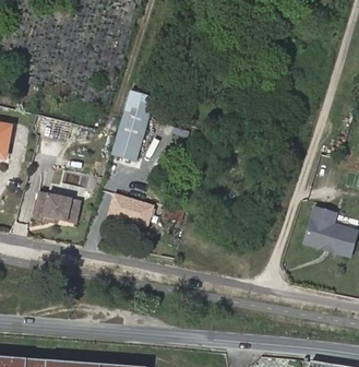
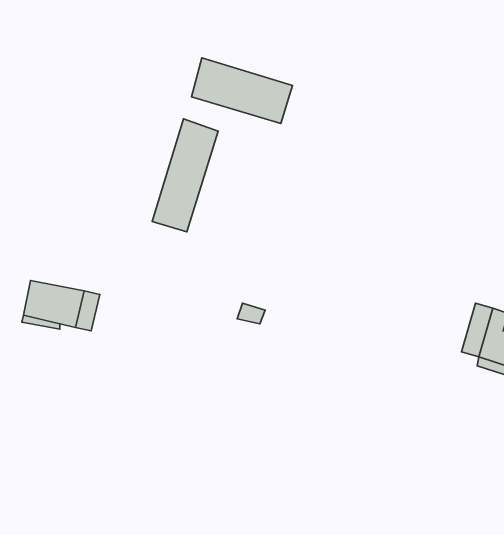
building: none -> [191,58,292,124]
building: [110,194,152,224] -> none

